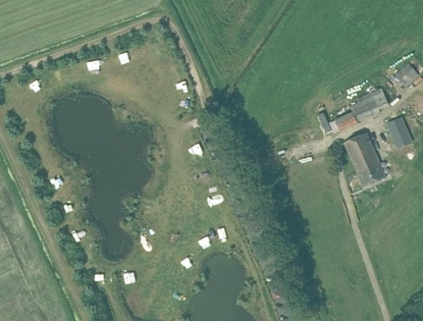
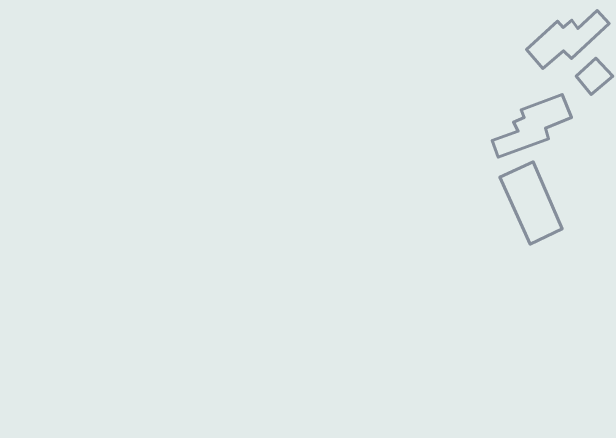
building: none -> [526,10,609,68]
building: [385,116,412,148] -> none

